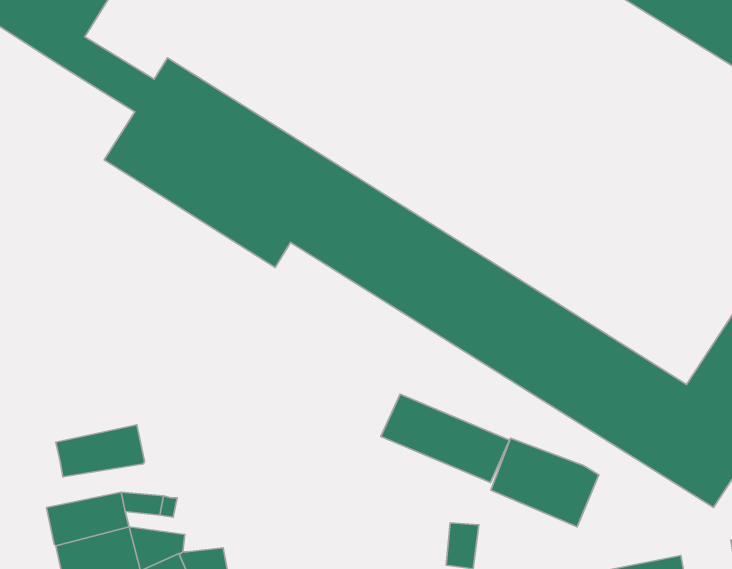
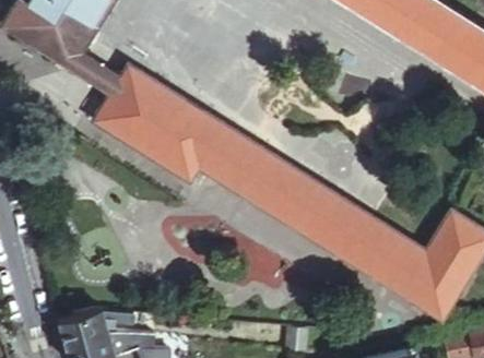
building: [56,425,144,477] -> none
building: [491,438,599,527] -> none

